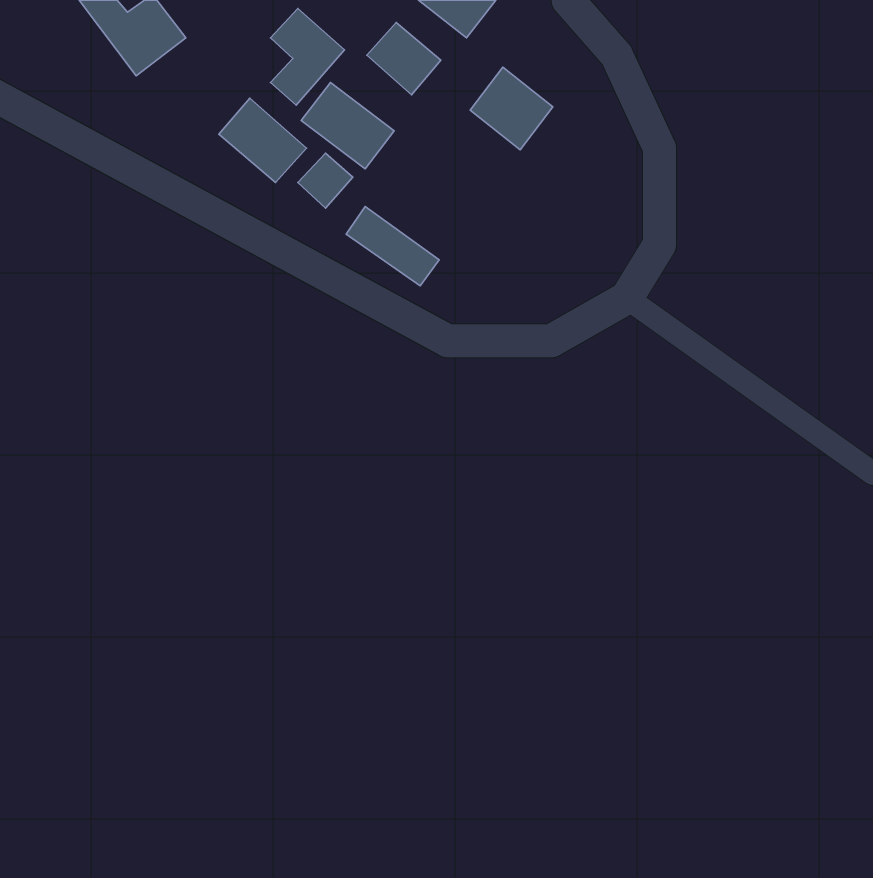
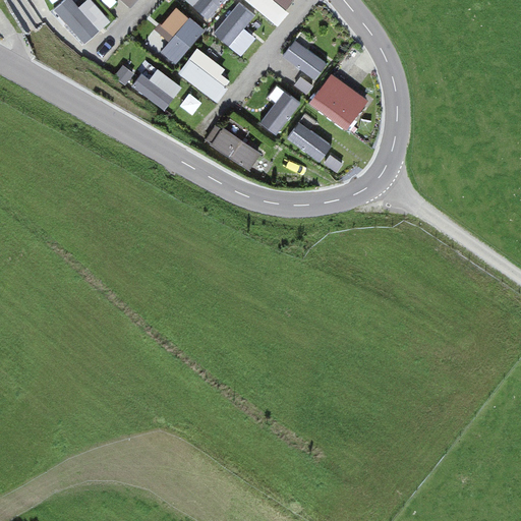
building: none -> [310,73,367,129]
building: none -> [258,89,299,134]
building: none -> [287,118,334,164]

